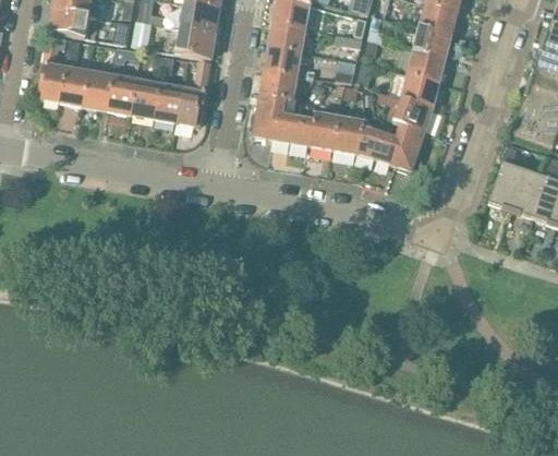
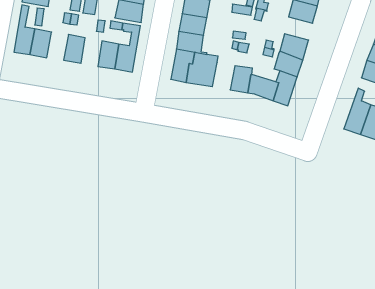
building: [407,50,445,82] -> none
building: [83,71,112,109] -> none
building: [130,79,158,118] -> none
building: [308,112,339,149] -> none

